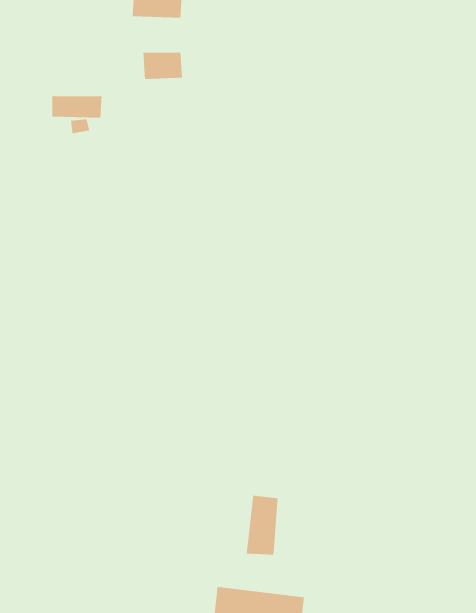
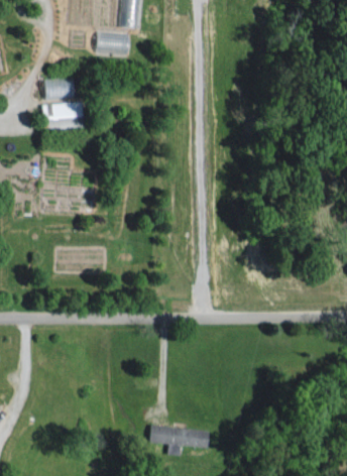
building: [143,52,183,80] -> [45,80,72,98]
building: [246,495,279,556] -> none

